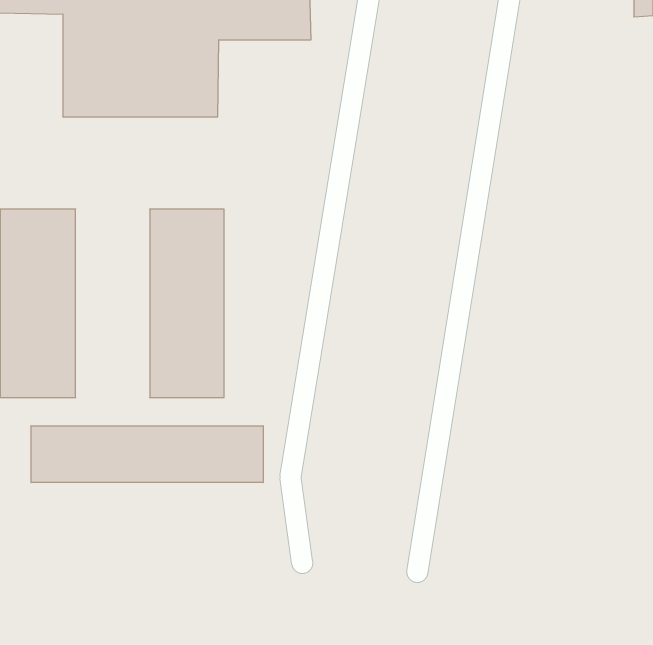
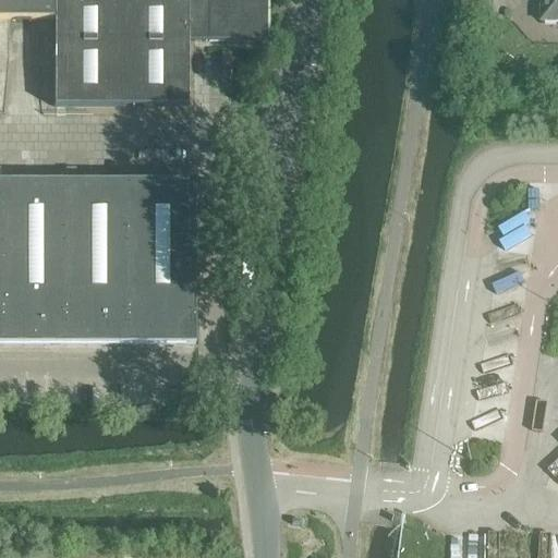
building: none -> [64,178,128,338]
building: [31,426,263,483] -> none

